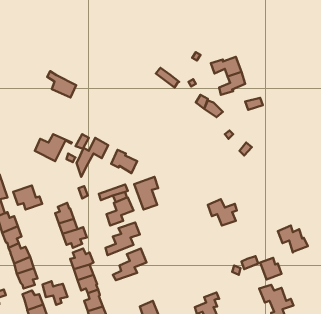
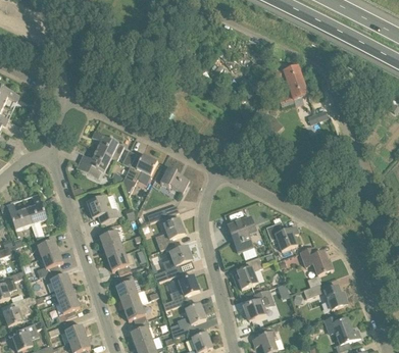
building: [47,71,76,97] -> [92,130,123,158]
building: [134,177,158,209] -> [228,215,254,251]
building: [13,185,42,210] -> [87,195,118,221]
building: [278,226,308,253] -> [300,246,333,275]
building: none -> [237,255,262,289]
building: none -> [243,288,273,319]
building: none -> [169,303,205,338]
building: [42,281,67,305] -> none

